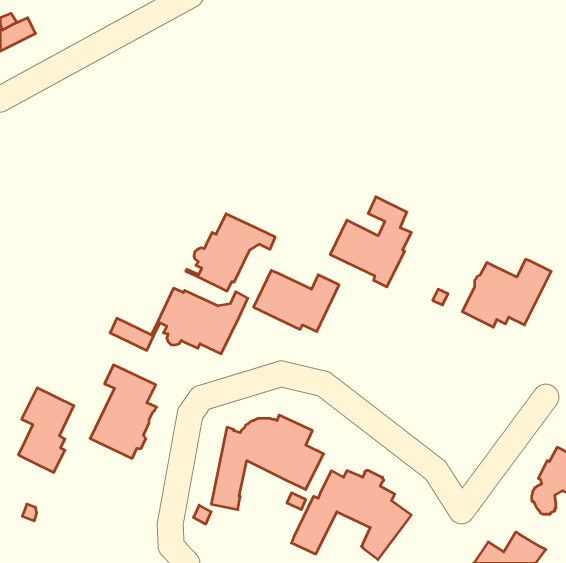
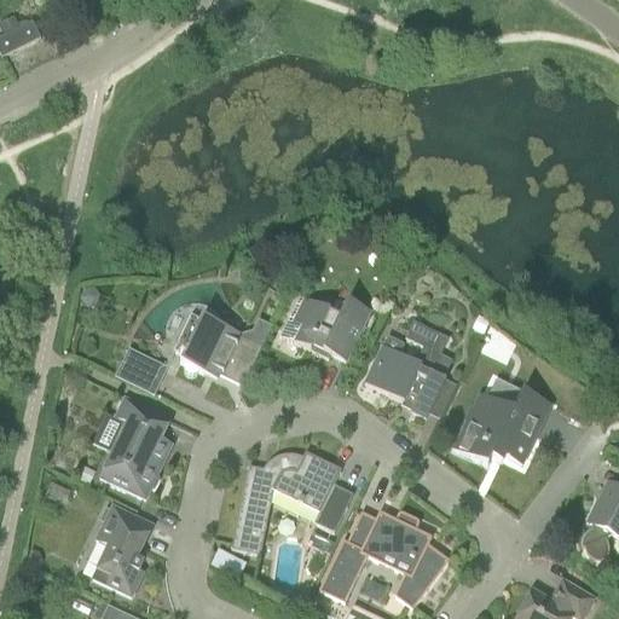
building: [330,197,411,287] -> [365,319,453,417]
building: [186,214,275,291] -> none
building: [462,259,551,327] -> [455,391,551,464]
building: [18,388,74,472] -> [93,504,154,596]

